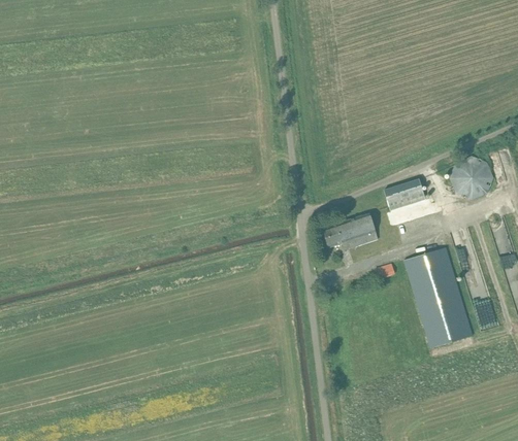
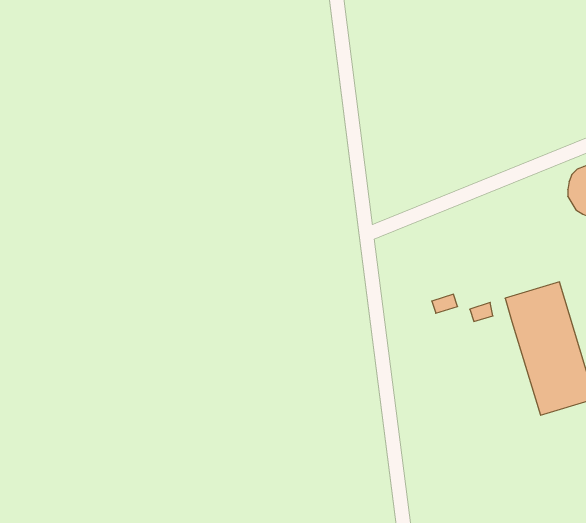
building: [383,179,424,210] -> none
building: [321,213,378,250] -> none

